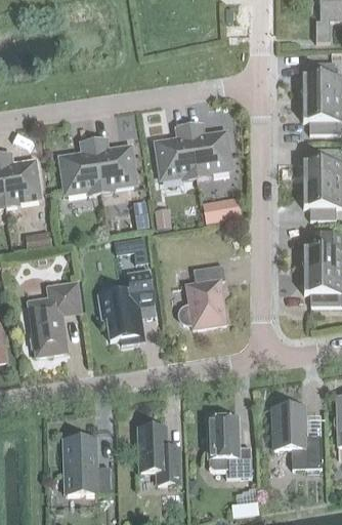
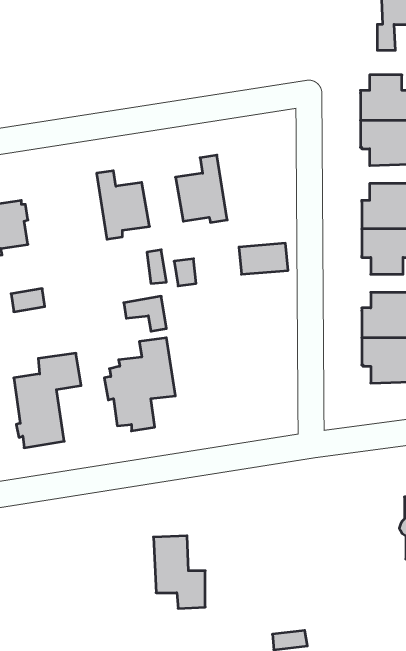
building: [188,123,230,176] -> none
building: [58,139,101,194] -> none
building: [179,264,226,328] -> none
building: [272,406,322,469] -> none
building: [209,416,251,477] -> none
building: [63,438,111,493] -> none

